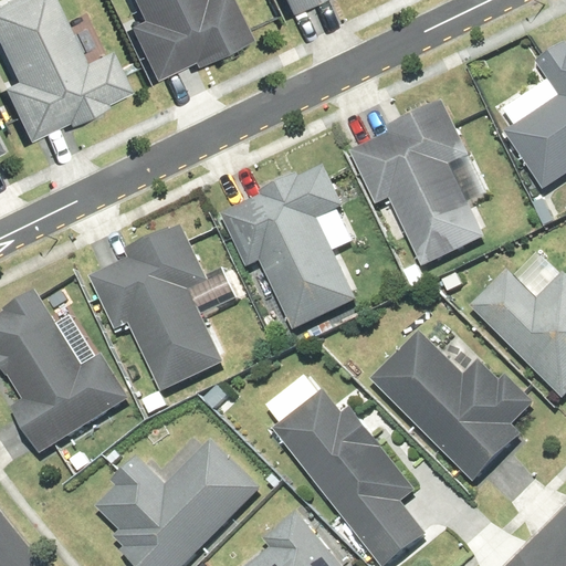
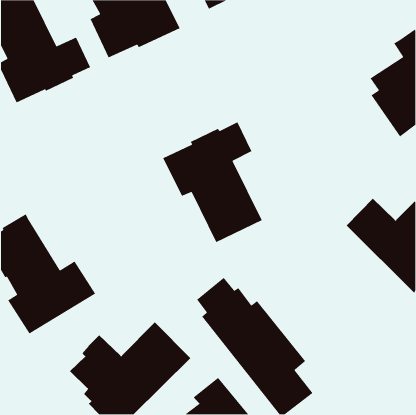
building: [349,99,484,268] -> none
building: [88,226,224,394] -> none
building: [369,331,535,483] -> none

